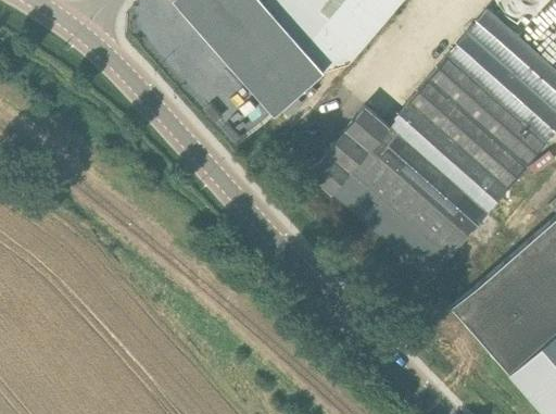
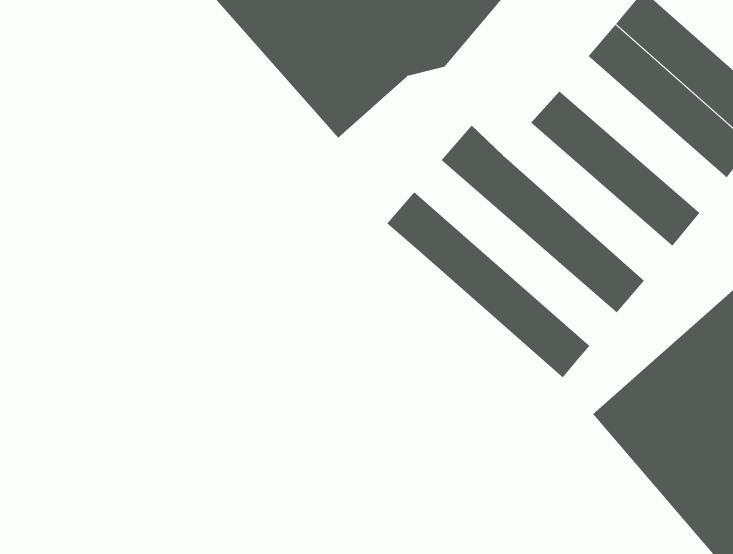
building: [430,55,547,165] -> none
building: [391,102,509,213] -> none
building: [328,128,470,259] -> none

